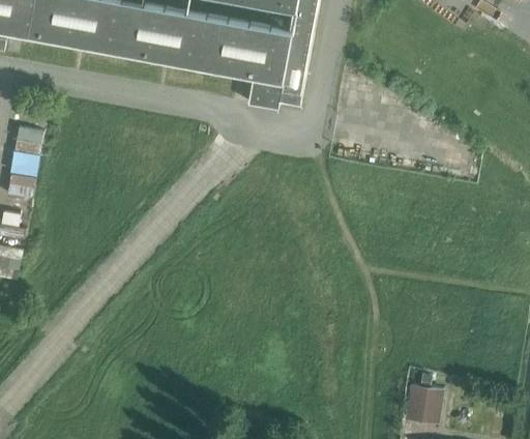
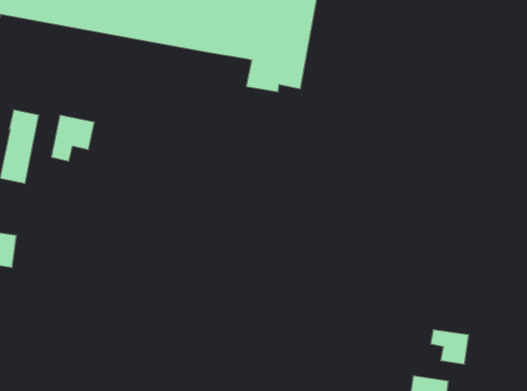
building: none -> [52,115,94,161]
building: none -> [431,329,469,364]

